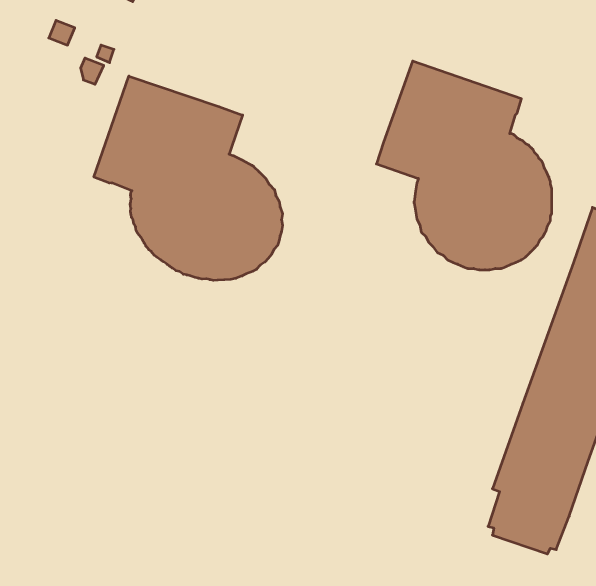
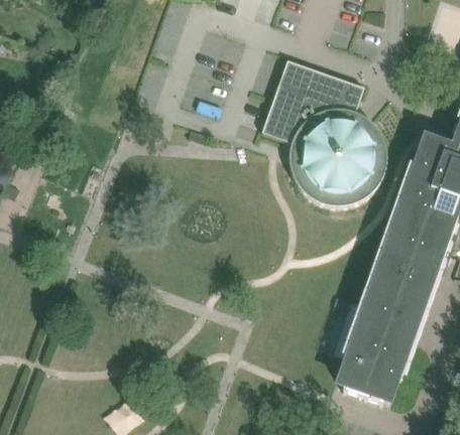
building: [94,76,283,280] -> none

